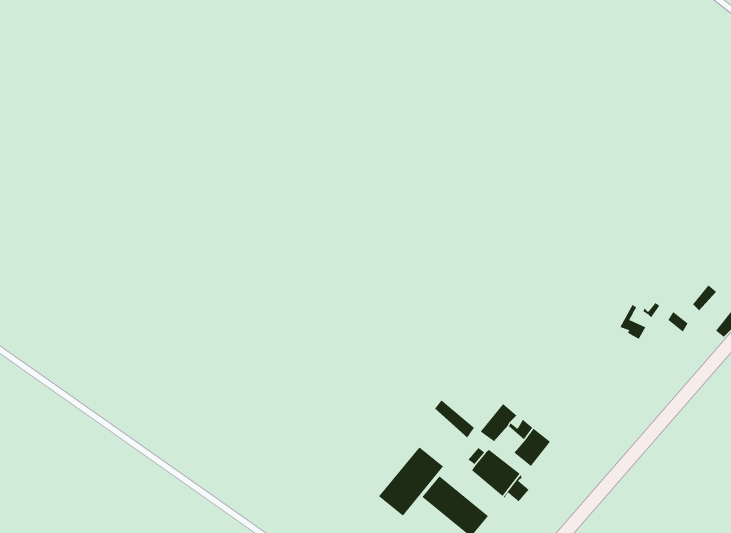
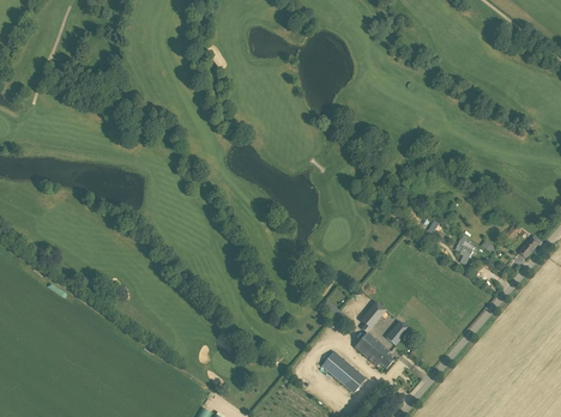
building: [378,446,444,516] -> none

